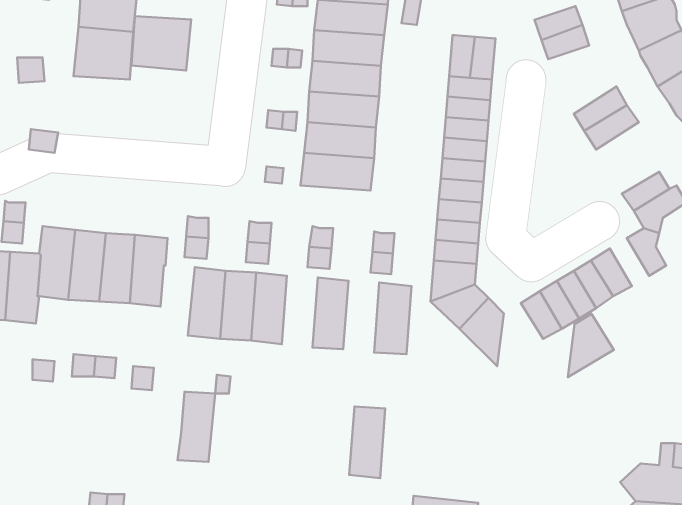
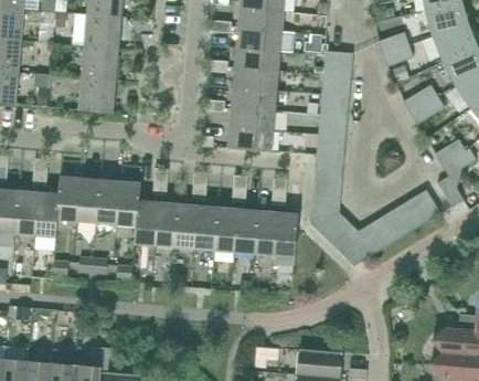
building: [131,16,191,71] -> [77,77,116,113]
building: none -> [214,207,237,253]
building: [568,314,614,377] -> [353,224,383,265]
building: [178,392,215,462] -> [134,200,158,245]
building: [349,407,385,478] -> [254,210,277,256]

